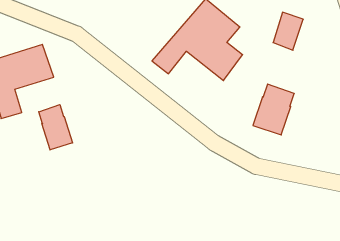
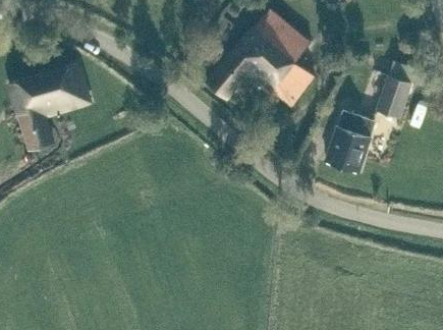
building: [273,12,303,50] -> [376,76,411,121]
building: [39,105,73,150] -> none

